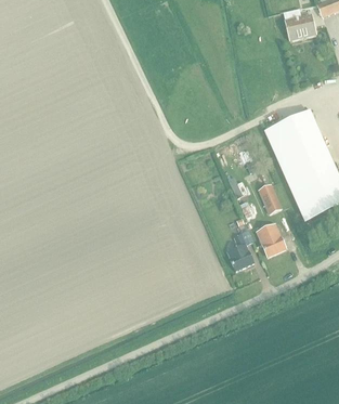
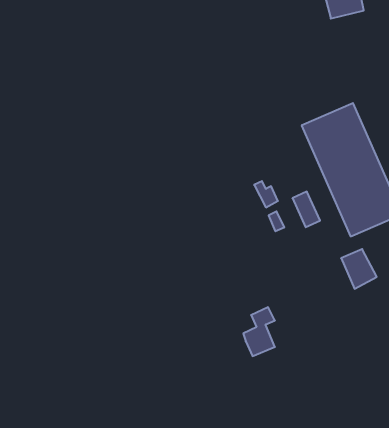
building: [257,223,286,256] -> [341,249,377,289]
building: [226,230,252,270] -> [243,307,275,356]

